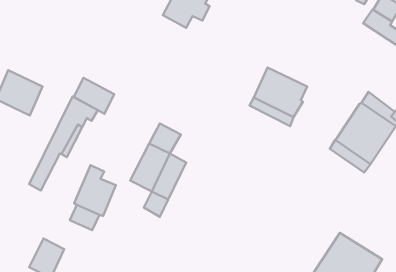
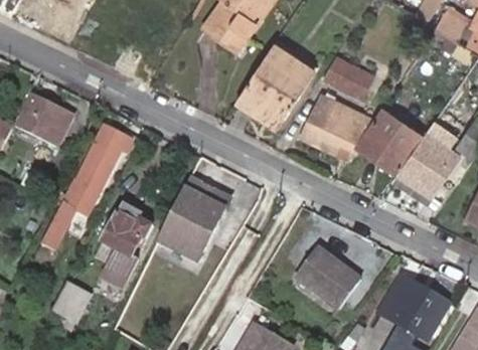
building: none -> [238,43,315,123]
building: none -> [323,53,374,97]
building: none -> [357,104,424,171]
building: [74,78,114,114] -> none
building: none -> [295,245,359,307]

